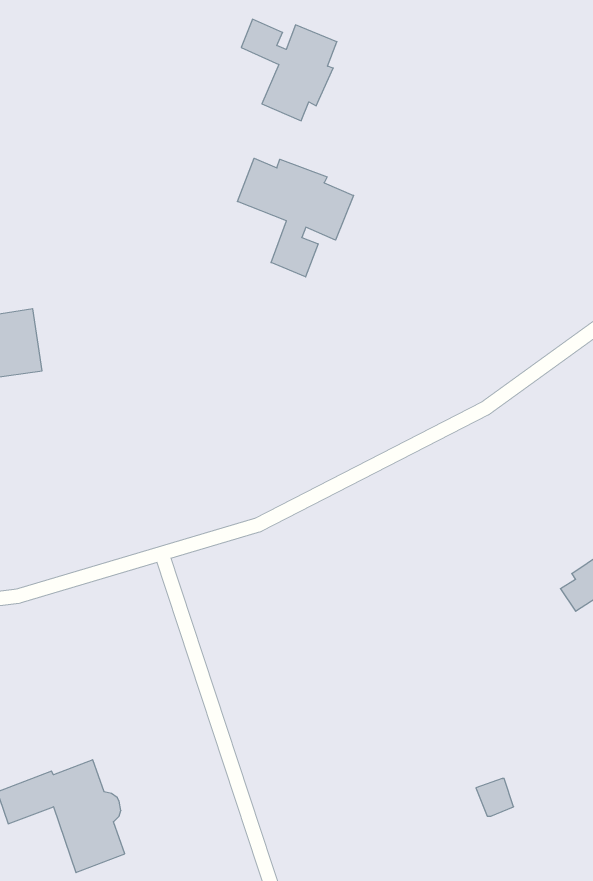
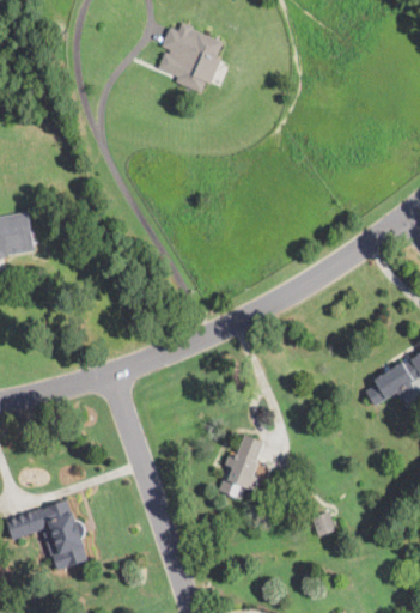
building: [237,158,354,277] -> none
building: none -> [219,435,263,498]

